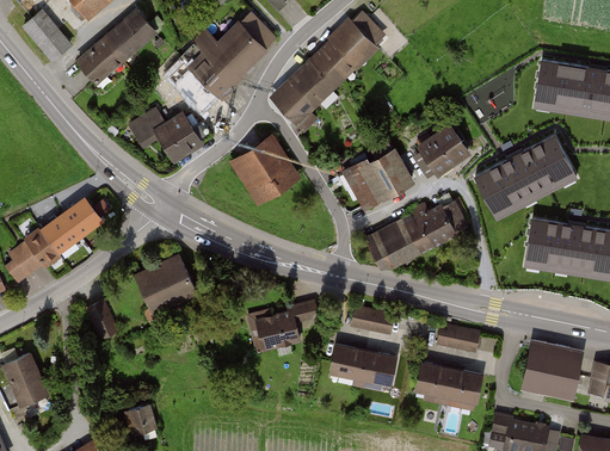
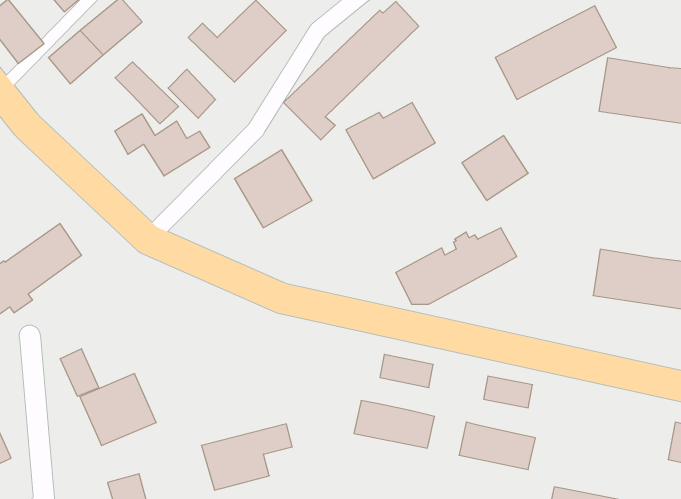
building: [178,44,230,95] -> [115,62,179,124]
building: [473,135,573,212] -> [495,6,616,99]
building: [341,150,415,214] -> [346,102,435,179]
building: [135,257,198,316] -> [80,374,156,446]
building: [246,301,321,356] -> [201,424,292,490]
building: [520,342,581,396] -> none

